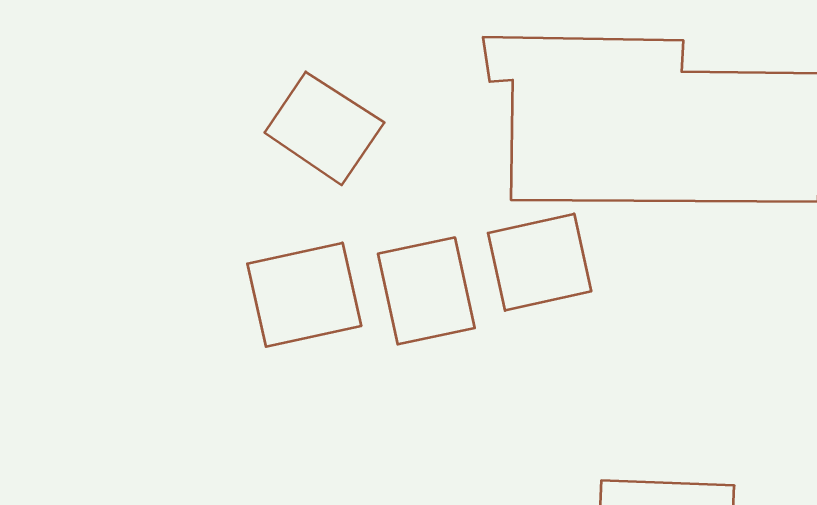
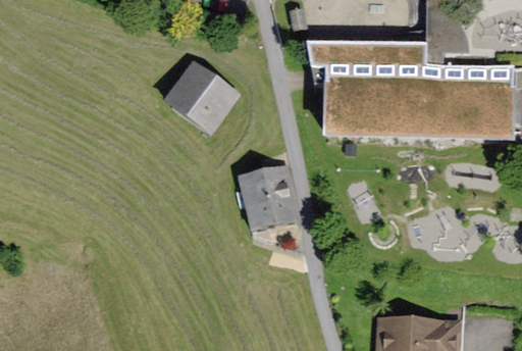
building: [488,214,591,311] -> none
building: [247,243,361,347] -> none

